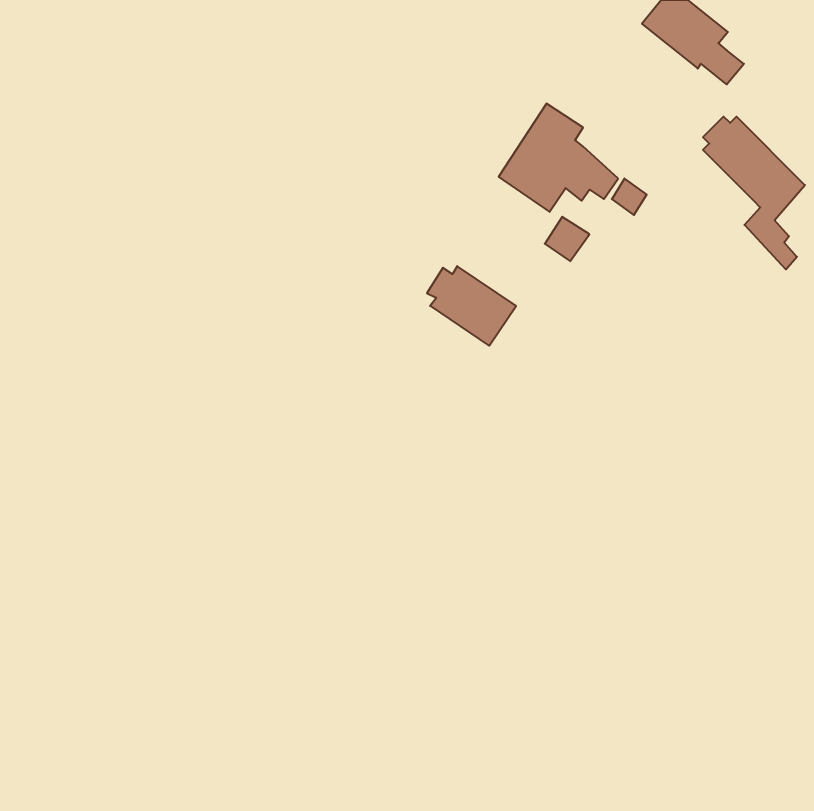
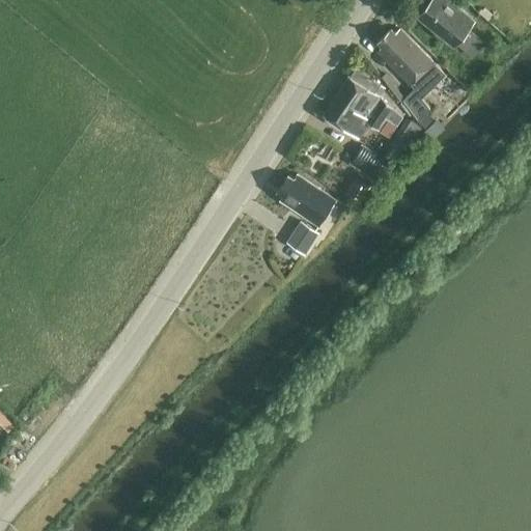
building: [703,117,805,269] -> [378,31,444,131]
building: none -> [287,221,319,254]

